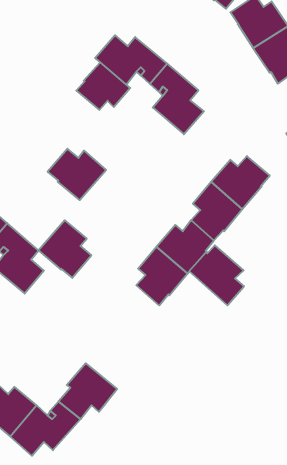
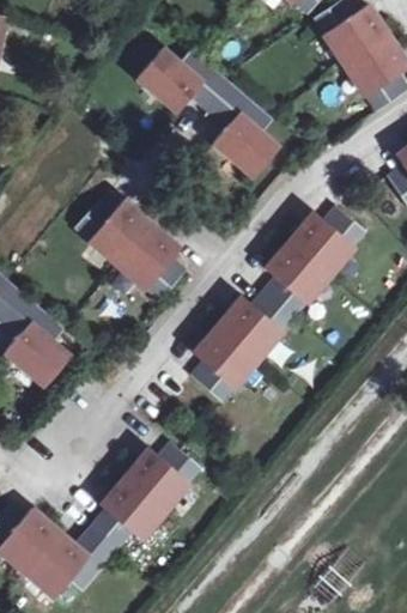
building: [76,62,130,110] -> none
building: [38,220,91,278] -> [116,224,186,299]
building: [189,245,244,305] -> none
building: none -> [124,441,200,510]

